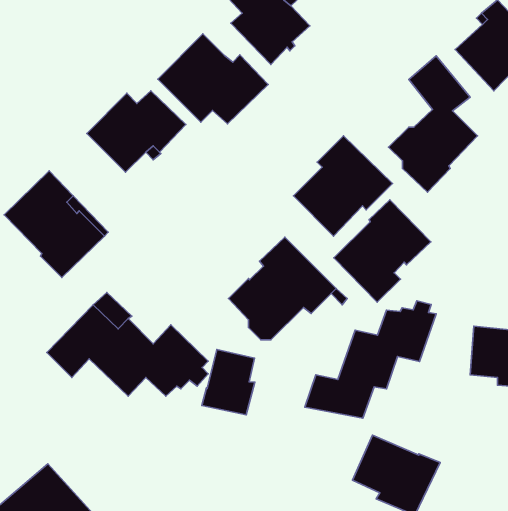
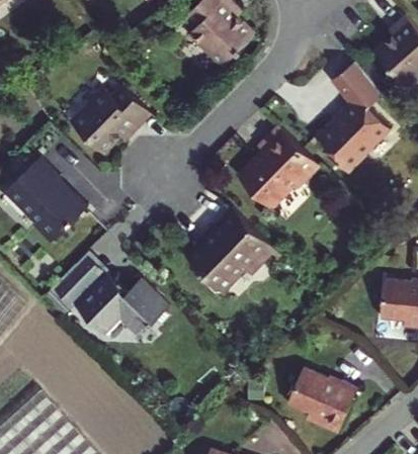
building: [158,34,268,124] -> none
building: [334,200,431,302] -> none
building: [305,301,436,418] -> none
building: [202,349,255,415] -> none

